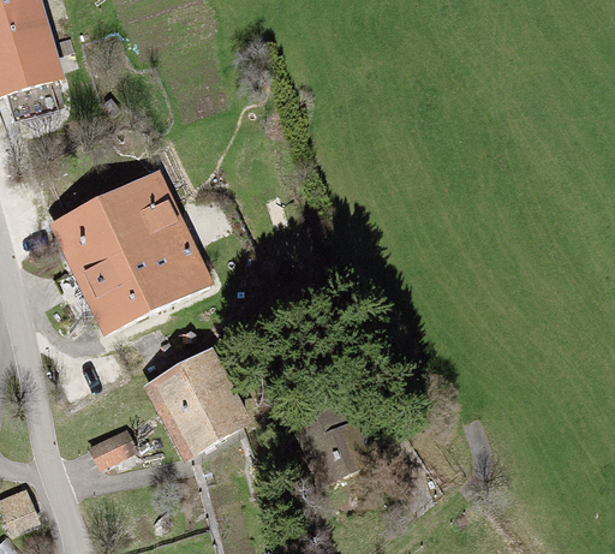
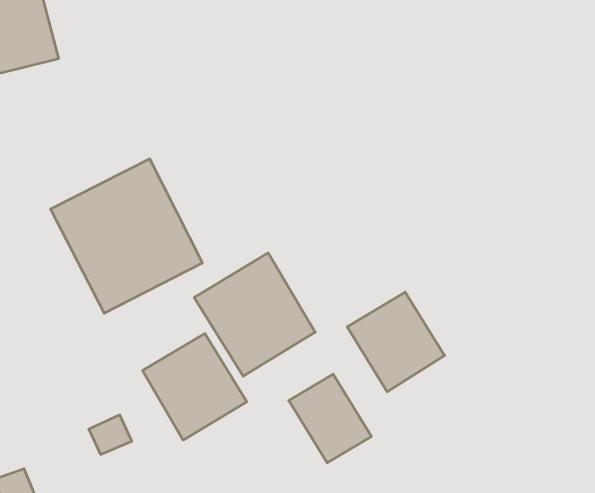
building: none -> [194,253,315,376]
building: none -> [347,292,445,392]

